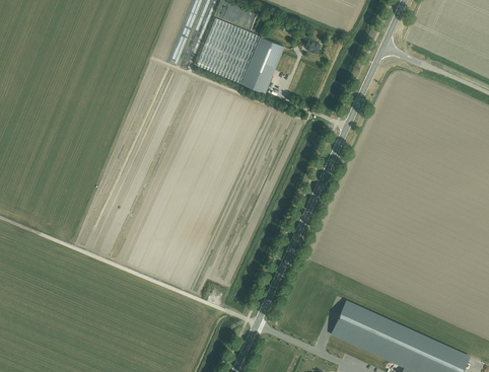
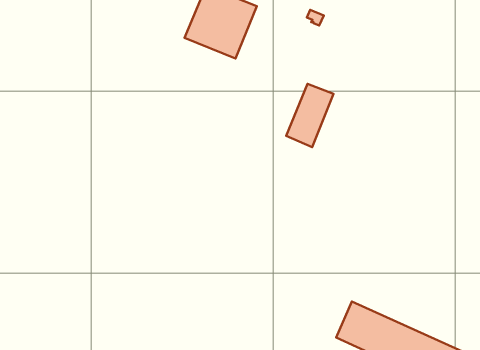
building: [241,36,284,93] -> [286,84,334,147]

